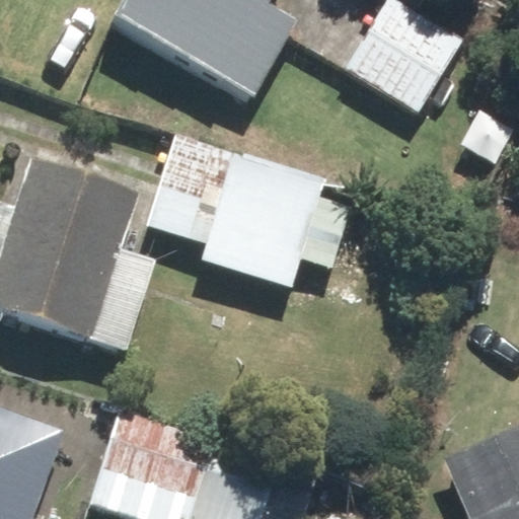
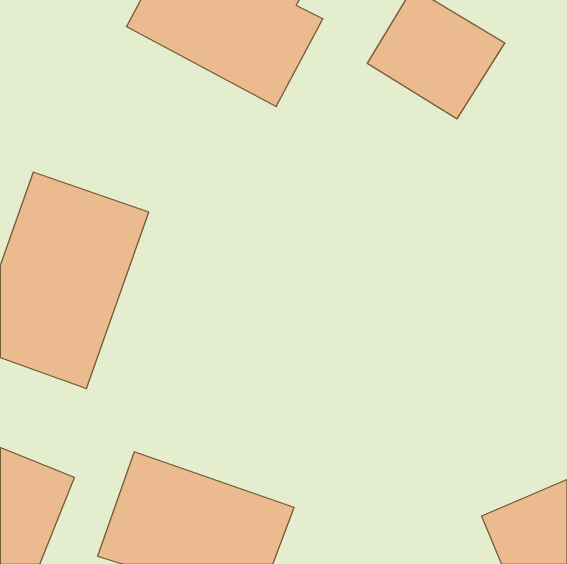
building: [146,139,374,299] -> none

